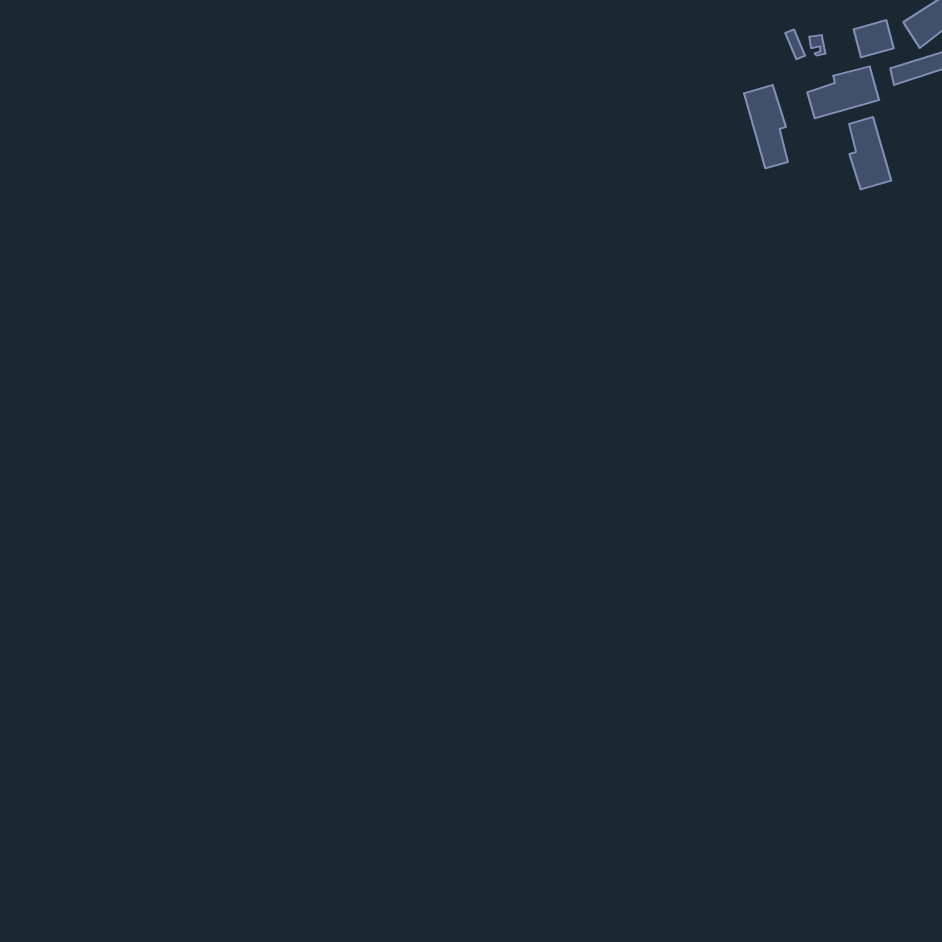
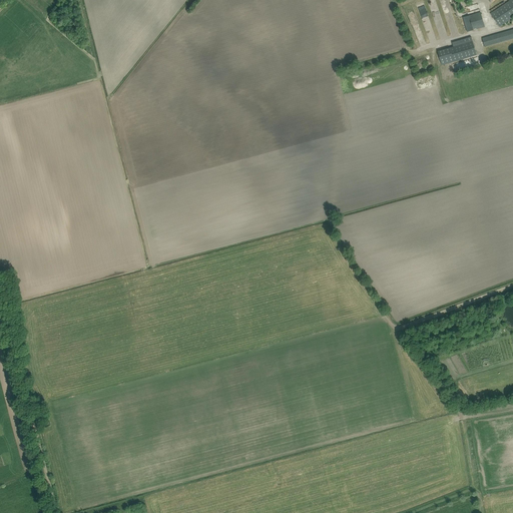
building: [744,85,788,168] -> none
building: [849,117,891,190] -> none

